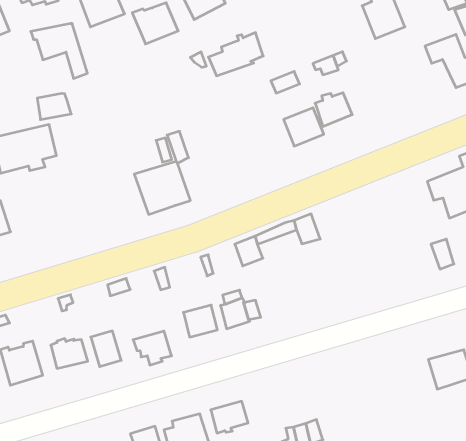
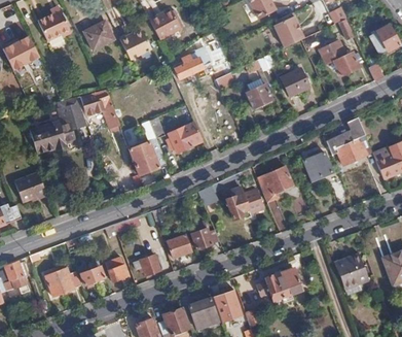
building: [31,24,87,78] -> [77,90,117,127]
building: [284,108,324,146] -> [281,69,308,96]
building: none -> [168,123,203,154]
building: none -> [303,151,331,180]
building: none -> [256,167,293,200]
building: none -> [226,186,263,218]
building: none -> [258,267,301,298]
building: none -> [215,290,241,315]

